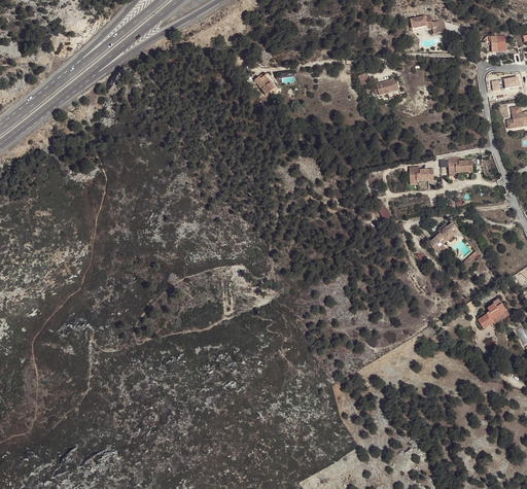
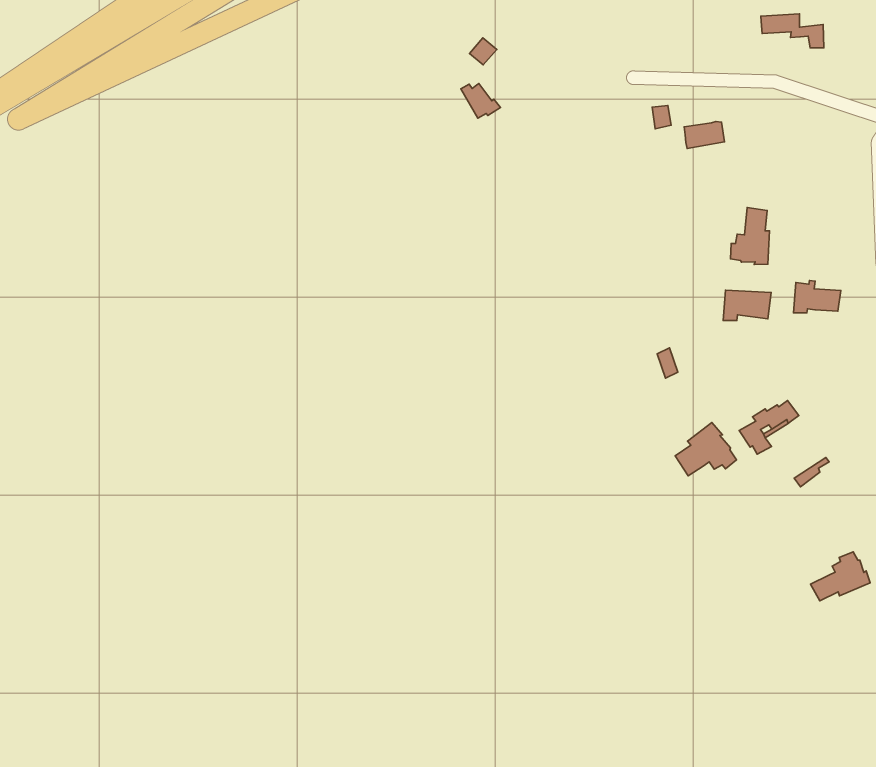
building: none -> [731,207,770,264]
building: none -> [675,423,737,476]

